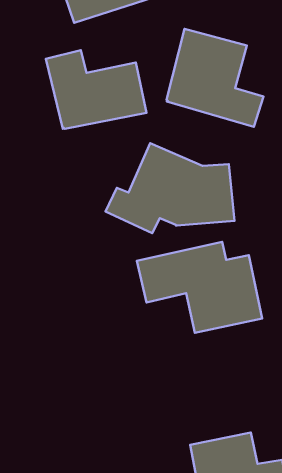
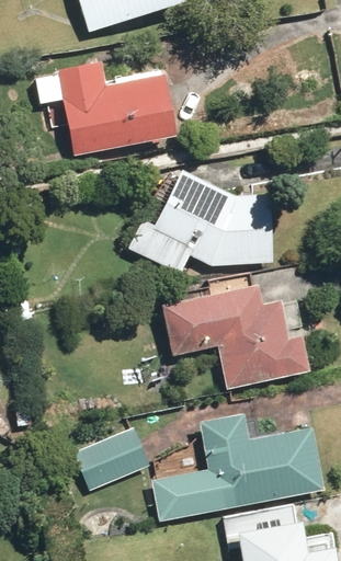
building: [167,29,263,127] -> none
building: none -> [155,413,323,522]
building: none -> [76,427,148,490]

